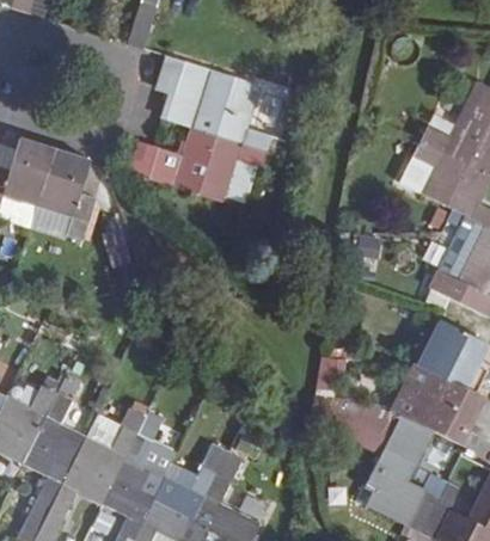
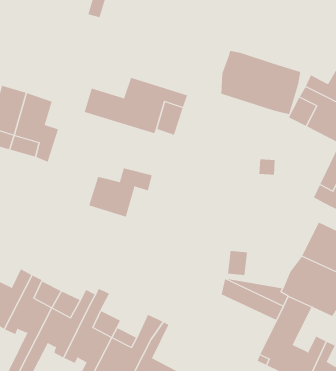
building: [154,56,270,152] -> none
building: none -> [221,50,301,115]
building: none -> [89,168,152,217]

